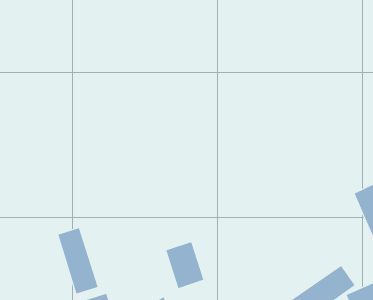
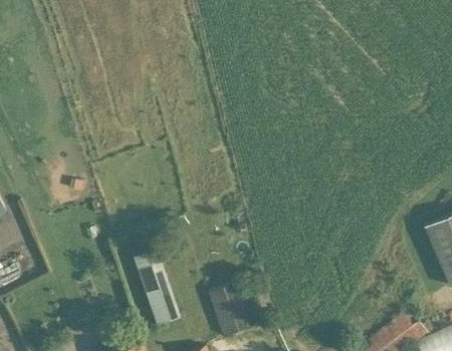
building: [57,228,99,294] -> [135,249,182,325]

